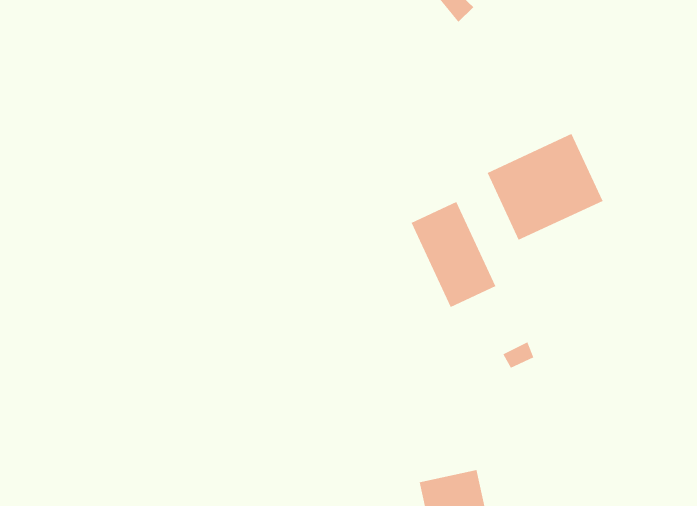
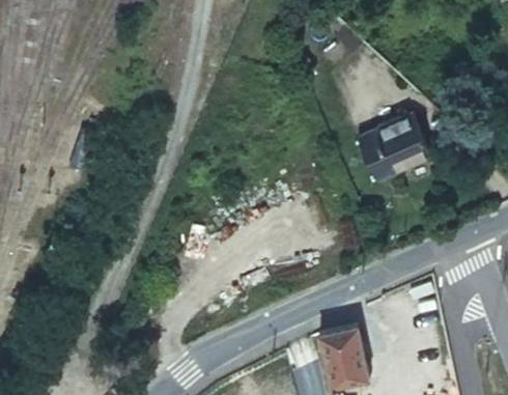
building: [411,201,496,308] -> none

